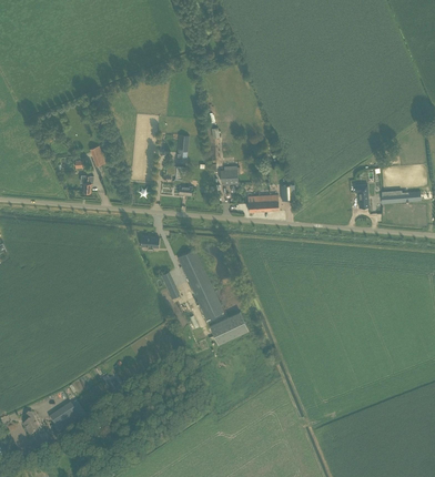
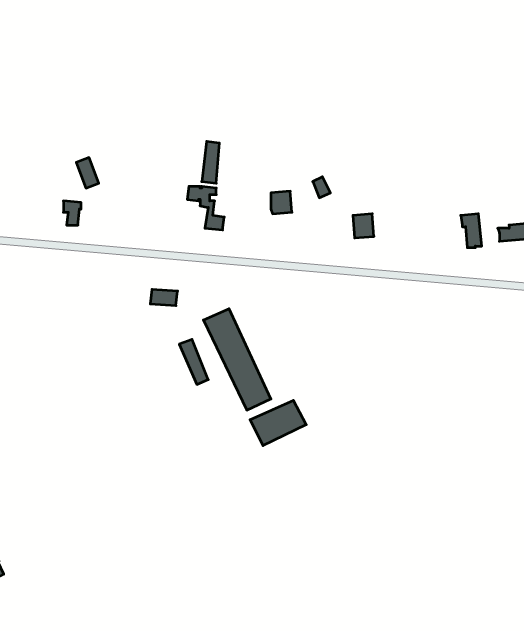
building: [246,192,277,210] -> none
building: [48,402,79,430] -> none

